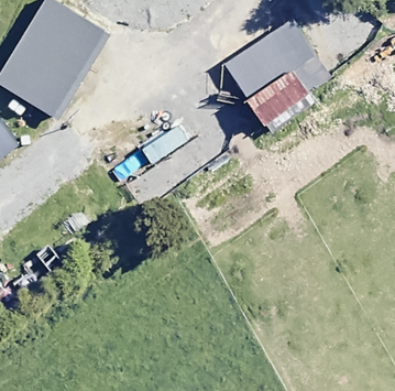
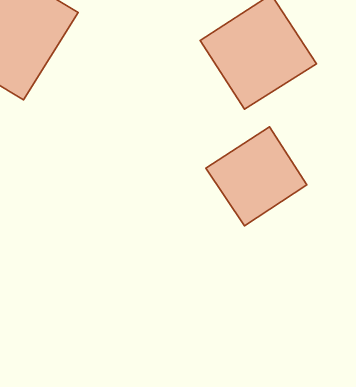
building: none -> [206,127,307,226]

